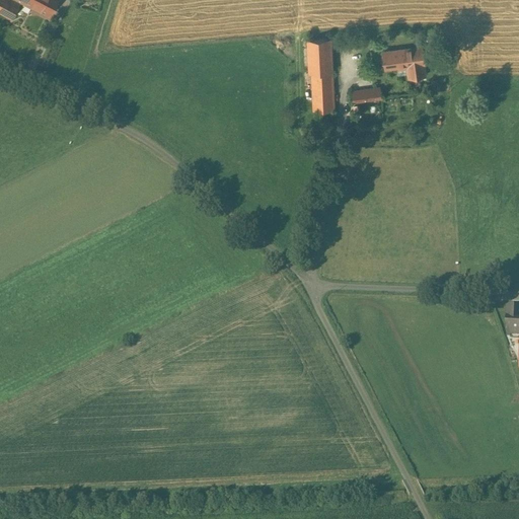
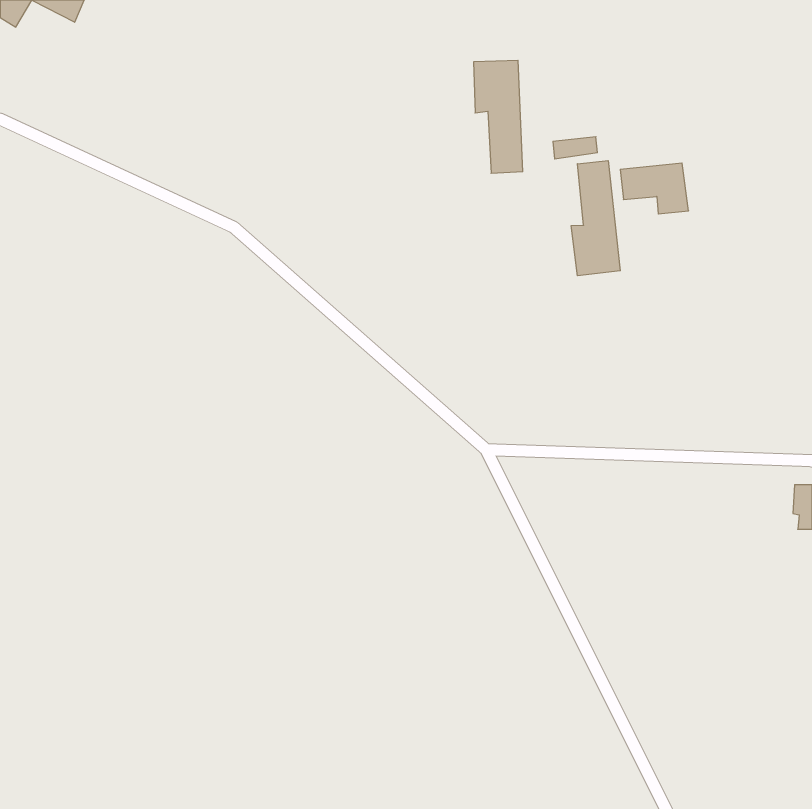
building: [383,48,427,80] -> [620,163,689,214]
building: none -> [571,161,620,276]

